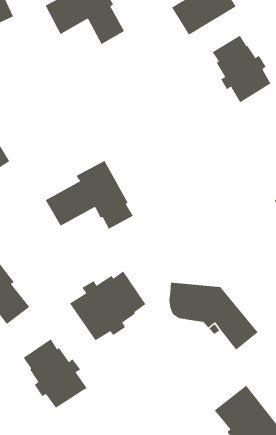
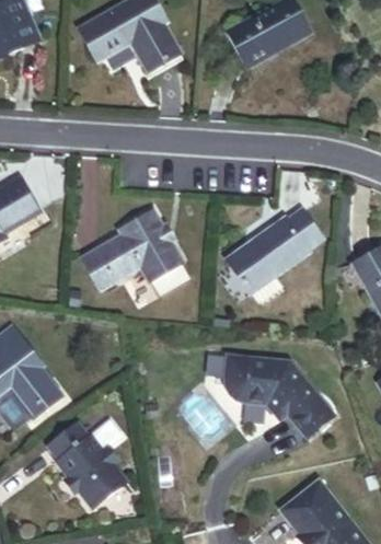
building: [212,35,271,103] -> none
building: none -> [224,219,318,301]
building: [69,270,146,341] -> none

